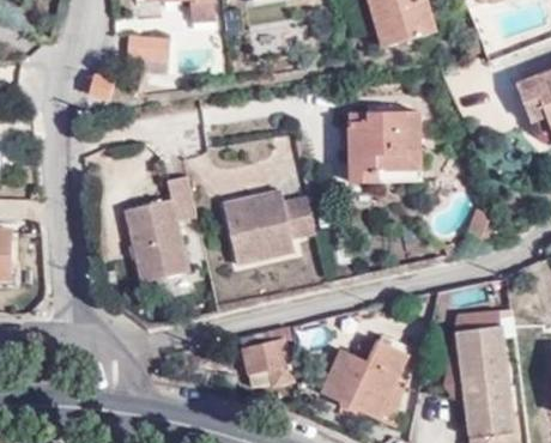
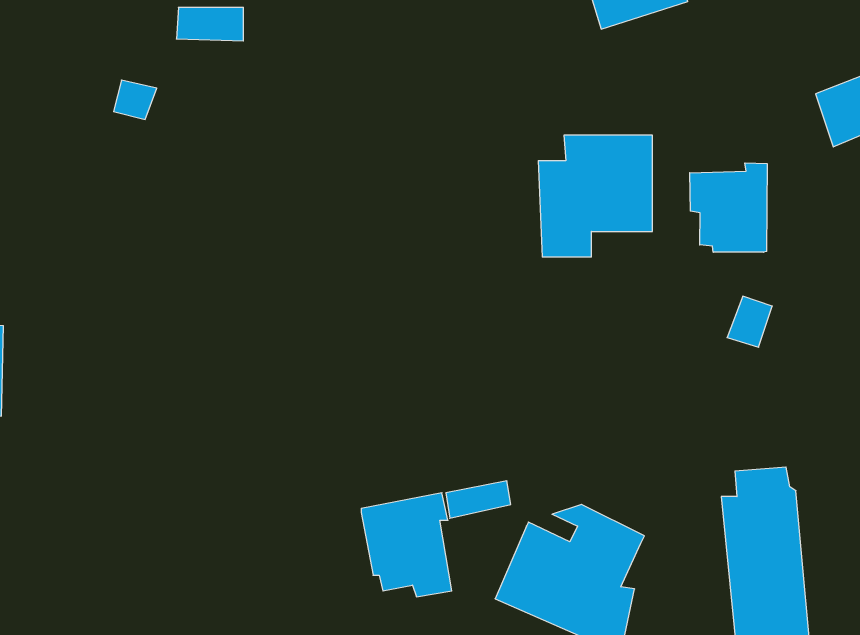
building: none -> [690,163,767,252]
building: [117,175,194,283] -> none
building: [218,188,311,266] -> none

